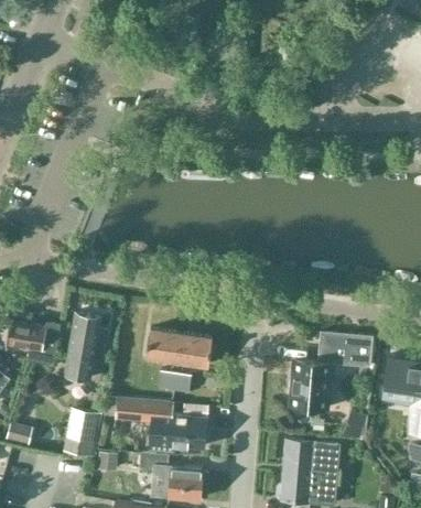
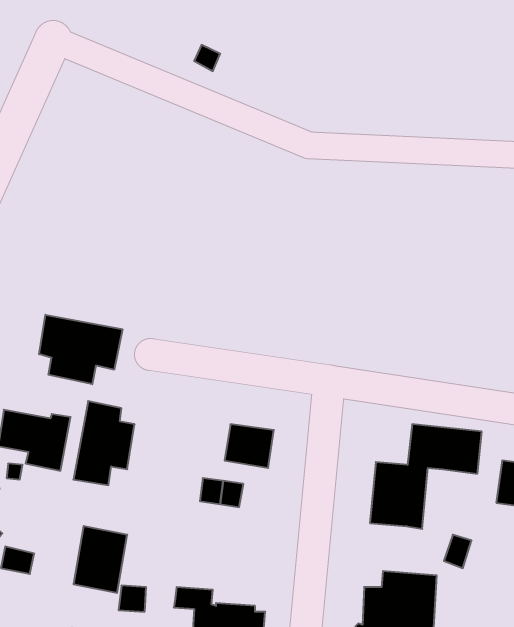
building: none -> [39,315,122,384]
building: [145,325,182,358] -> none
building: [105,399,207,453] -> none

